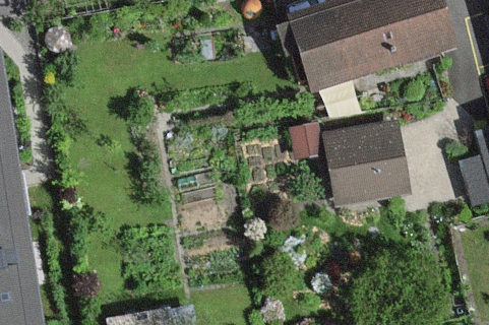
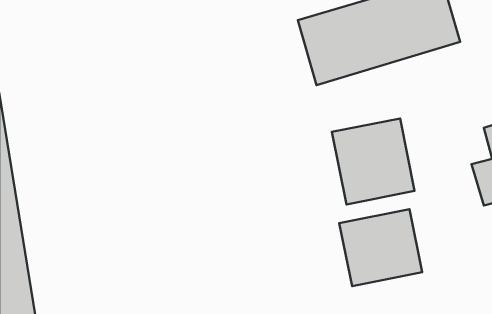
building: none -> [339,209,422,286]

